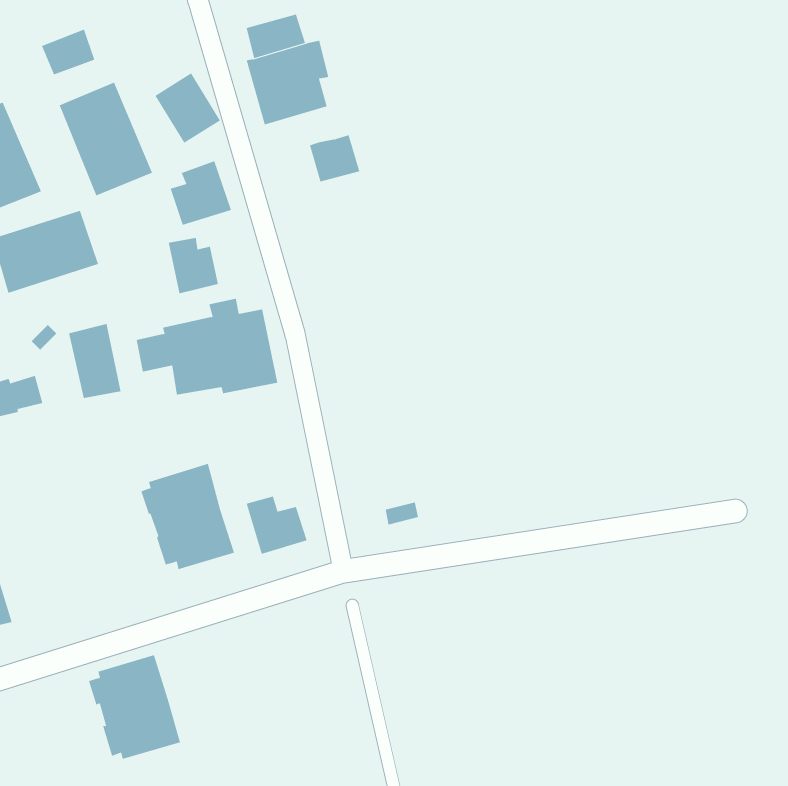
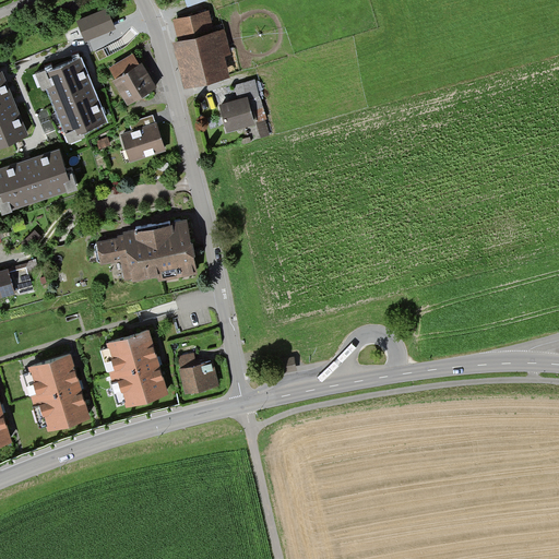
building: [41,29,95,75] -> [75,9,114,41]
building: none -> [231,80,271,136]
building: [168,237,219,294] -> none
building: [69,323,121,399] -> none
building: [88,654,181,759] -> [22,355,87,429]

